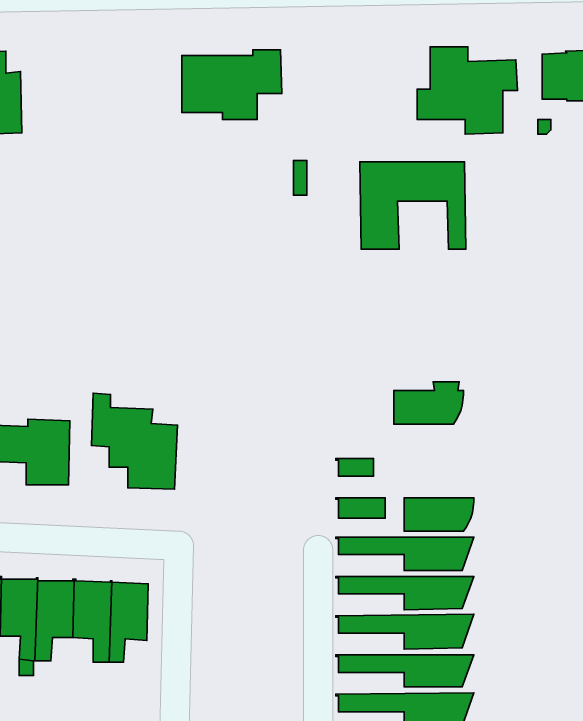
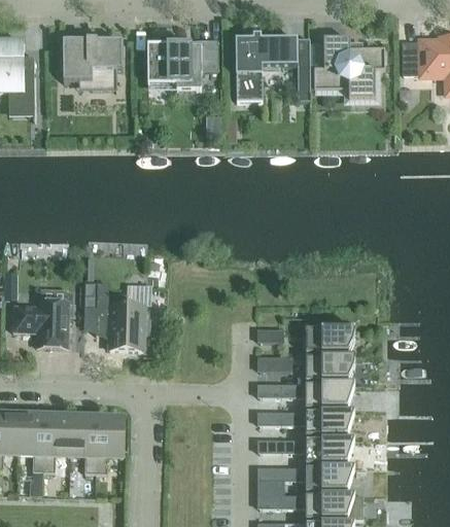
building: none -> [60,38,123,91]
building: [360,162,466,249] -> [235,38,310,100]
building: [394,382,464,424] -> [305,322,354,352]

